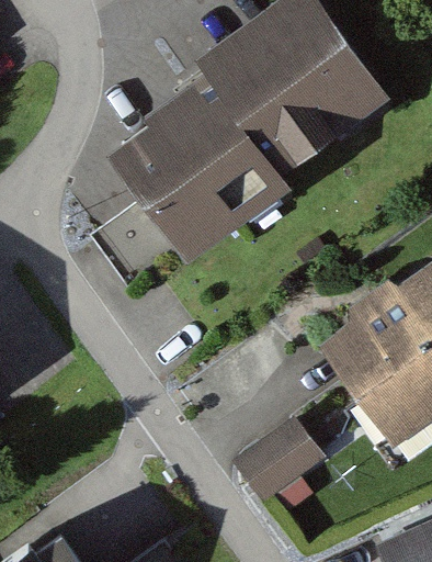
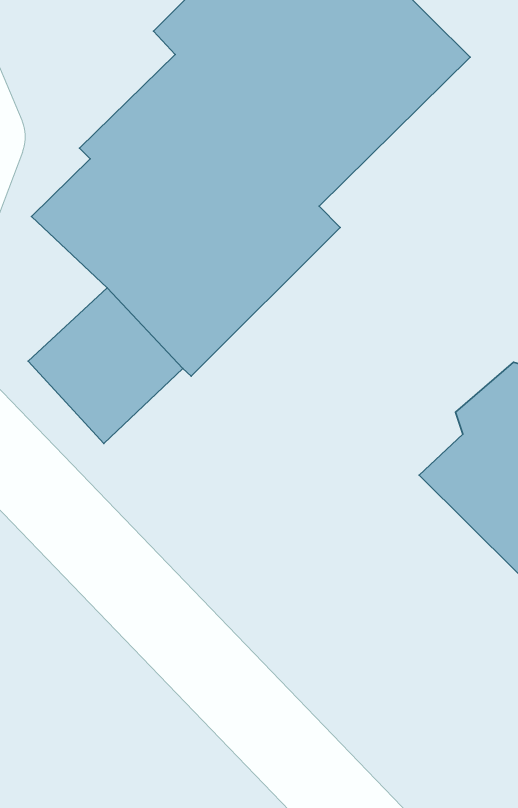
building: [236,418,328,505] -> none

